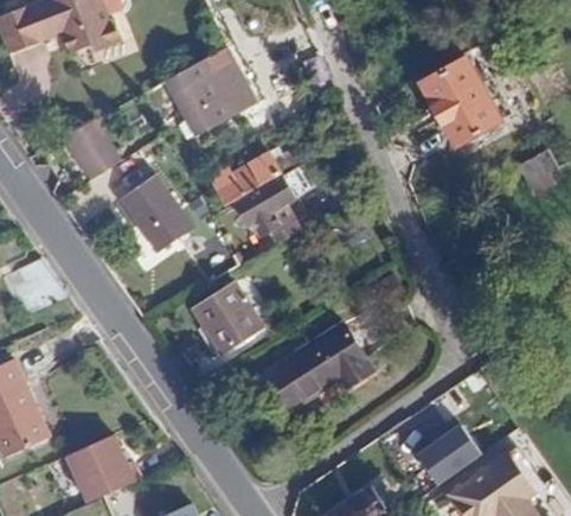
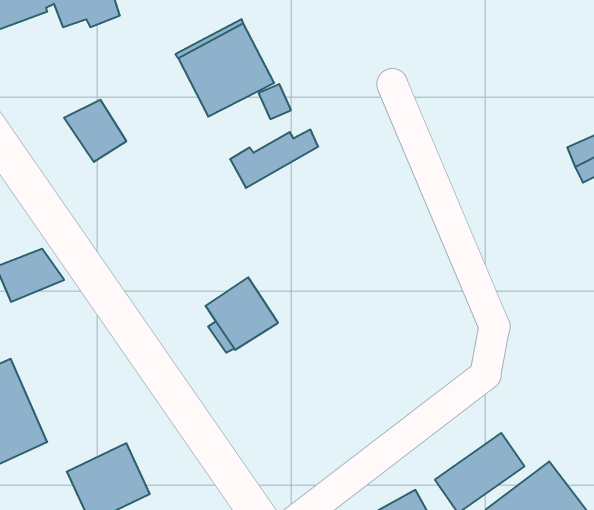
building: [422,60,499,145] -> none
building: [118,171,191,248] -> none
building: [237,172,299,235] -> none
building: [264,319,372,407] -> none

